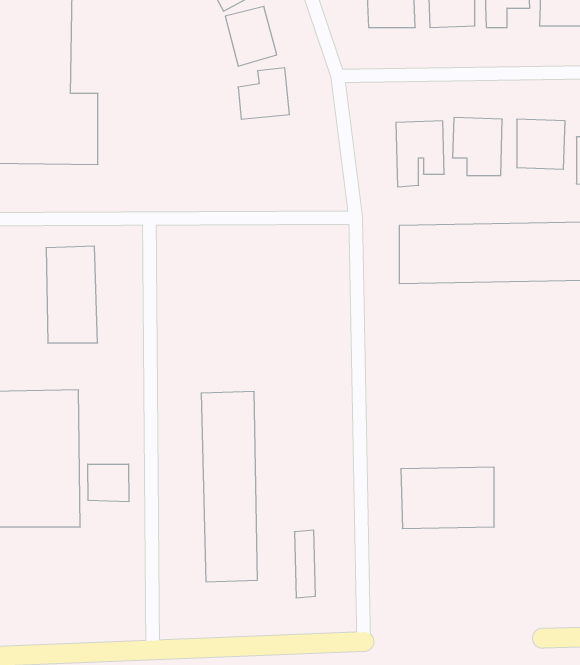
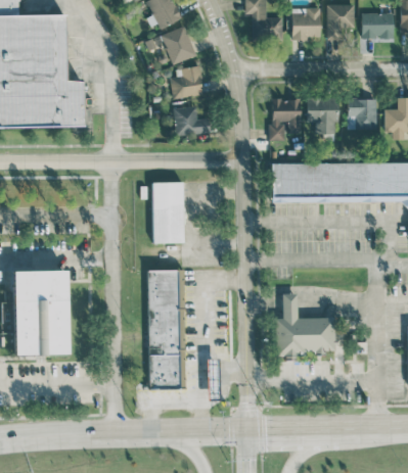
building: none -> [174,106,211,134]
building: [46,246,98,343] -> [152,181,185,242]
building: [88,464,129,502] -> none

